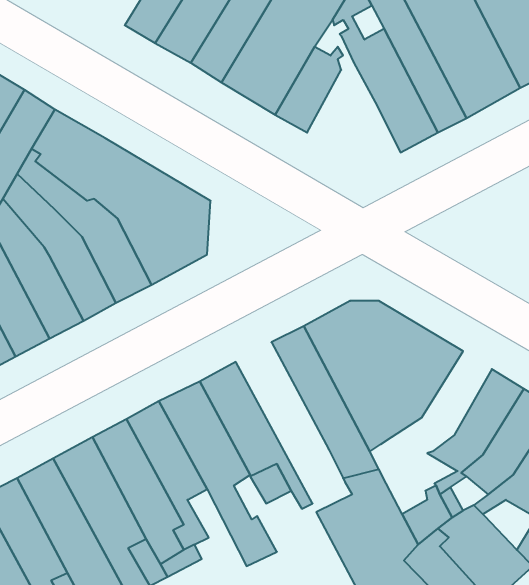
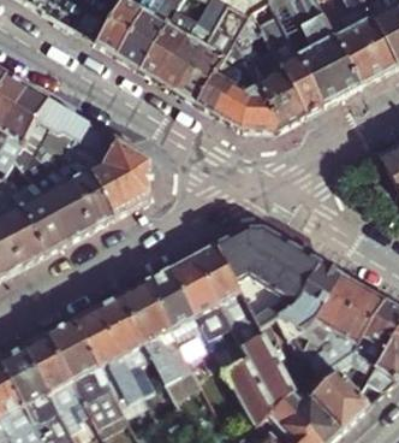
building: none -> [219,66,281,129]
building: none -> [171,254,249,368]
building: none -> [275,260,343,327]

